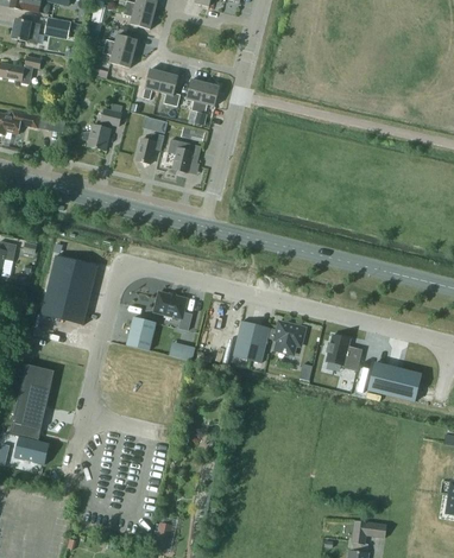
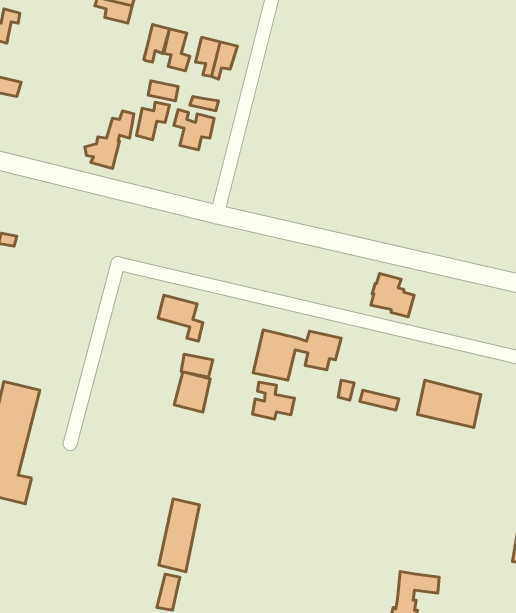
building: [81,103,121,151] -> [85,111,134,168]
building: [39,255,96,325] -> none
building: [125,317,155,350] -> [174,372,210,412]
building: [324,335,360,370] -> [371,274,414,317]
building: none -> [252,382,294,419]
building: none -> [159,499,199,572]

